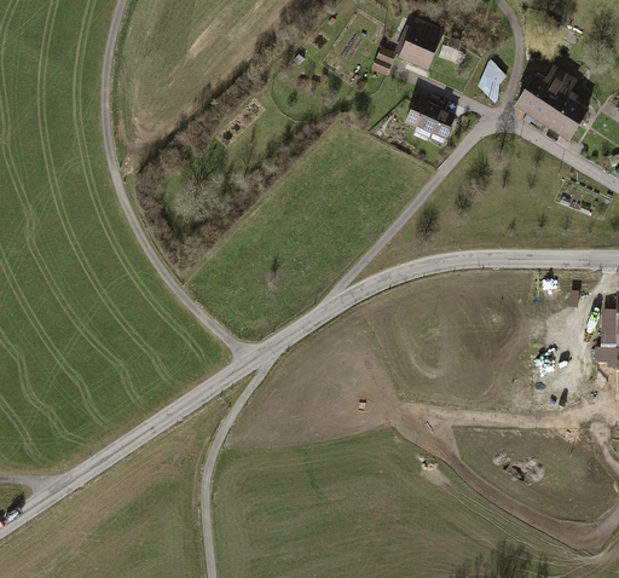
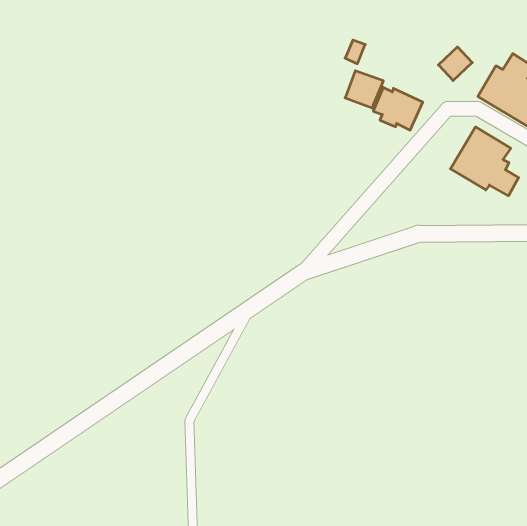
building: [399,30,440,70] -> [345,71,383,108]
building: none -> [450,127,519,196]

